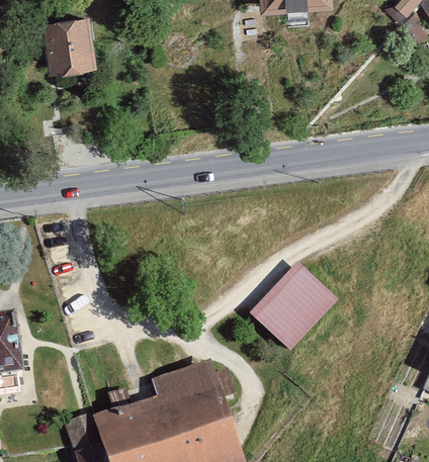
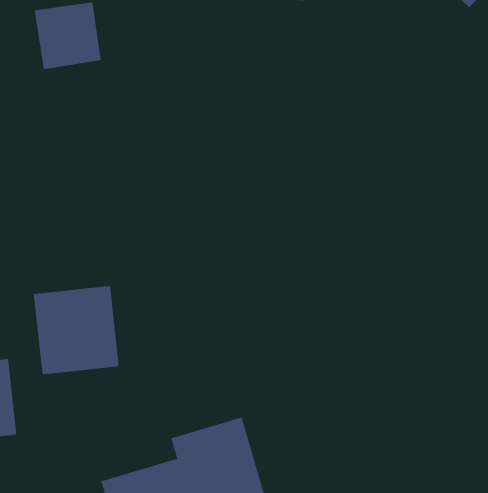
building: none -> [33,285,119,375]
building: [247,264,337,354] -> none

